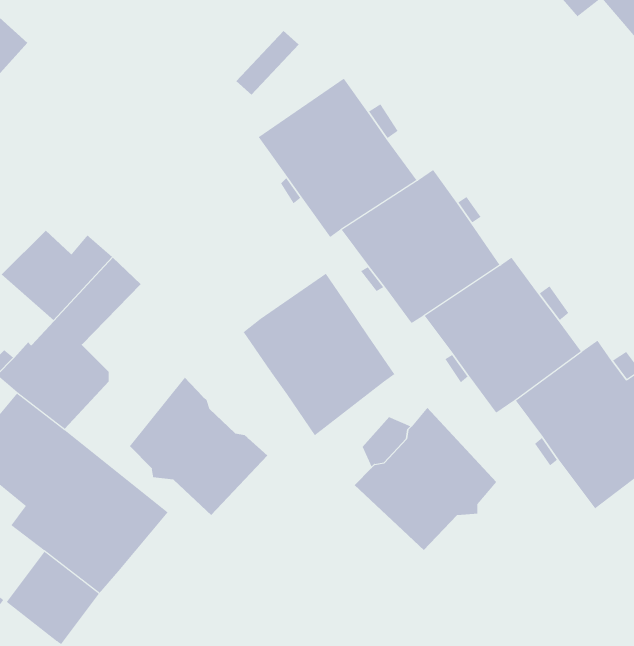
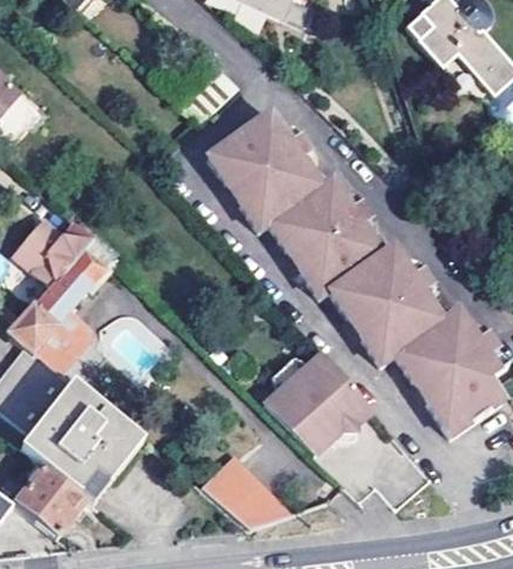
building: [243,273,395,436] -> none
building: [129,377,268,516] -> none
building: none -> [209,469,290,524]

